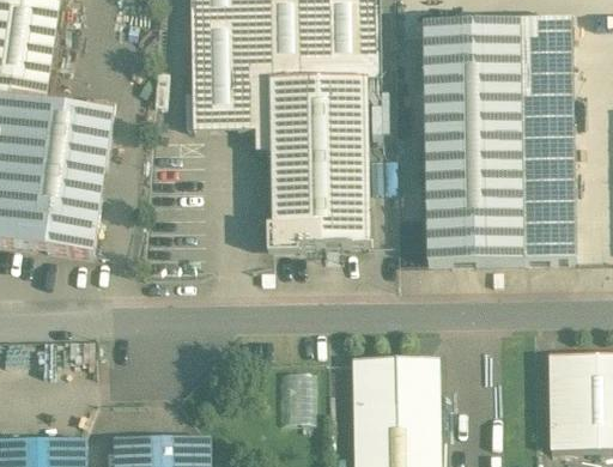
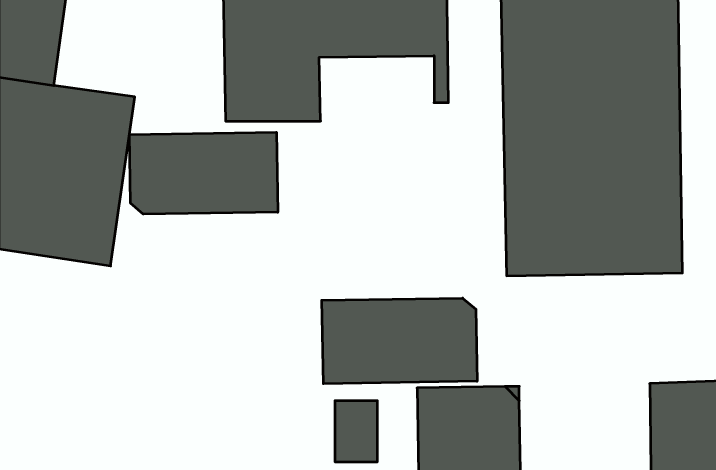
building: [269,78,369,247] -> none
building: none -> [130,132,278,214]
building: none -> [322,298,477,384]

